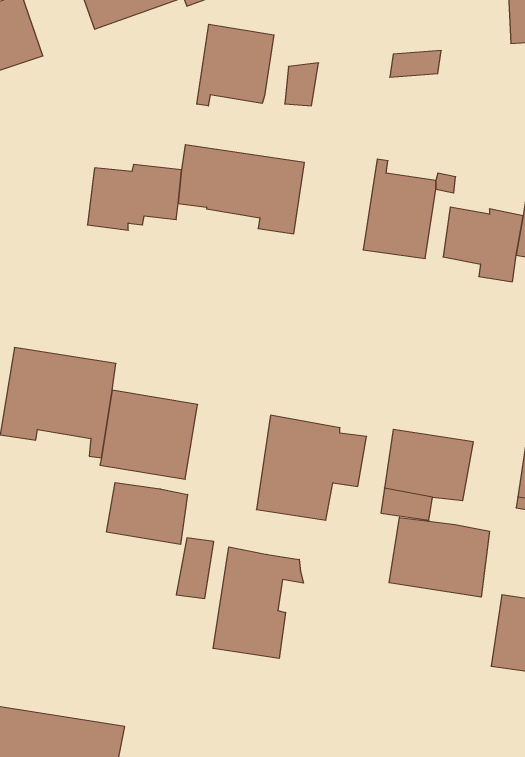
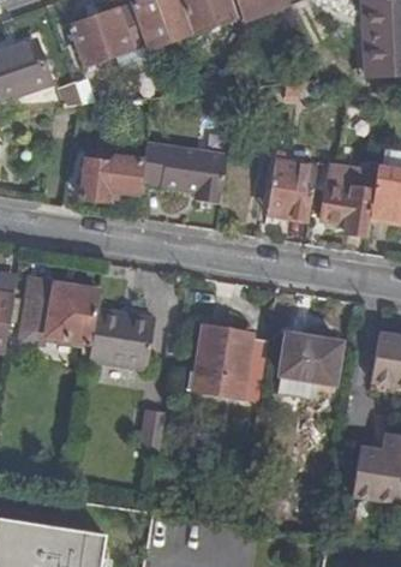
building: [197,24,274,106] -> none
building: [107,483,188,544] -> none
building: [389,517,490,597] -> none
building: [213,547,303,658] -> none

